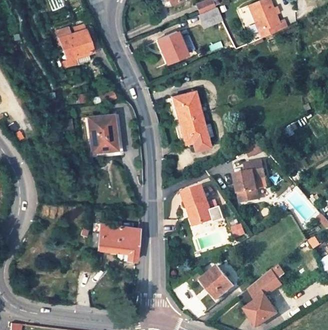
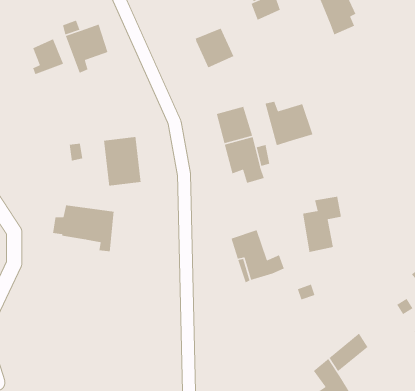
building: none -> [32,38,64,75]
building: none -> [264,101,313,146]
building: [91,224,138,260] -> [52,204,115,252]
building: [201,266,234,298] -> none

